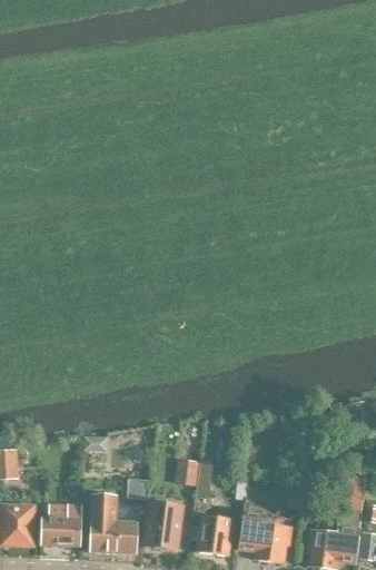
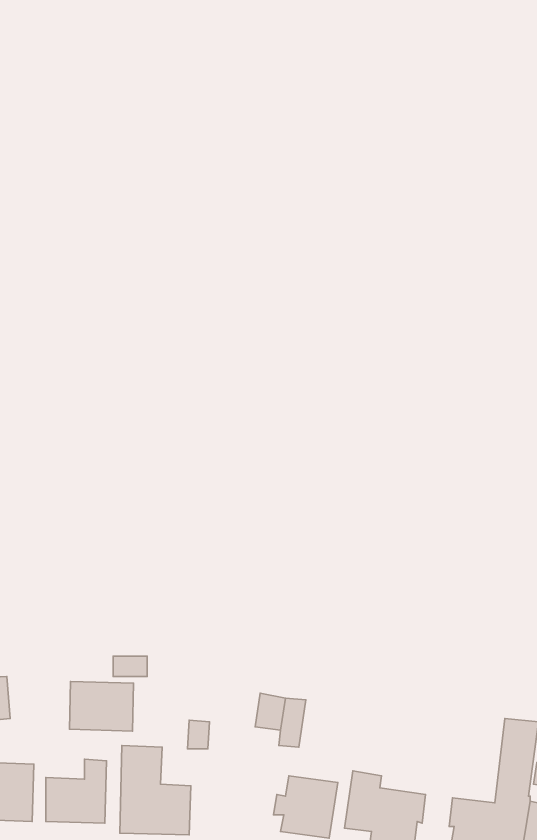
building: none -> [69,682,133,731]
building: [144,501,184,550] -> none

